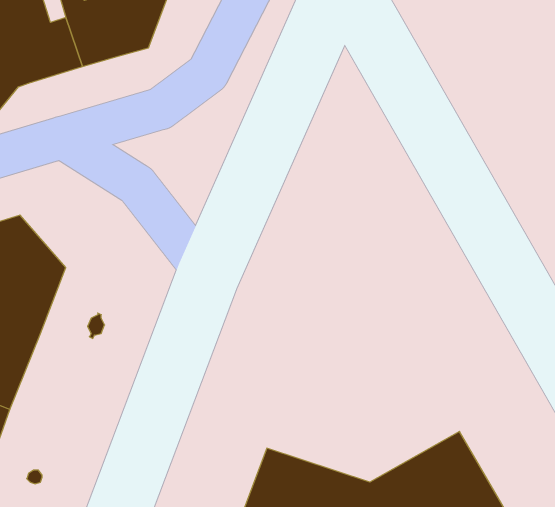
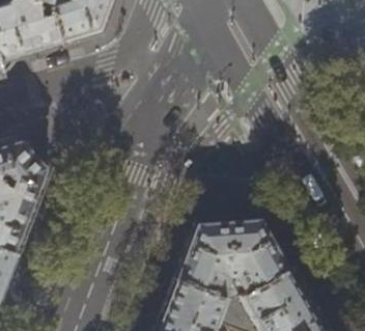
building: none -> [174,219,292,302]

